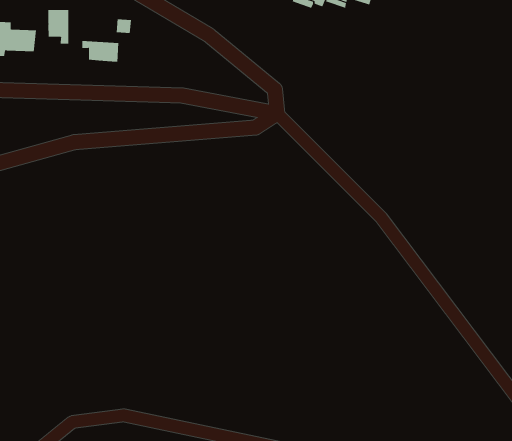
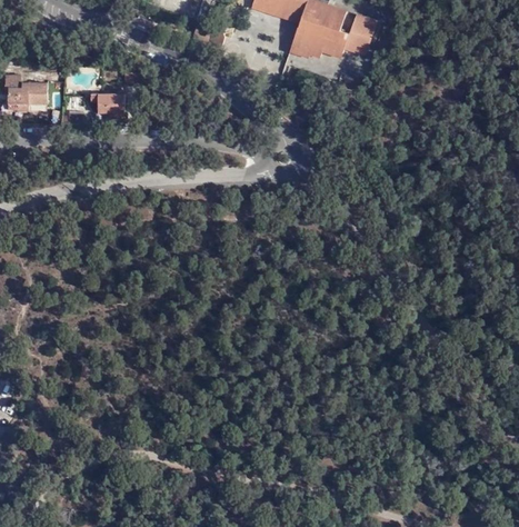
building: [48,9,69,45] -> none

